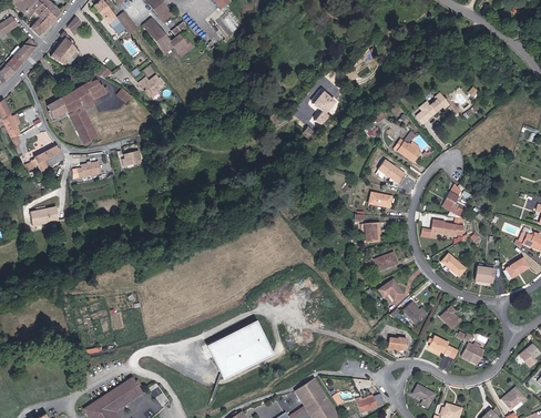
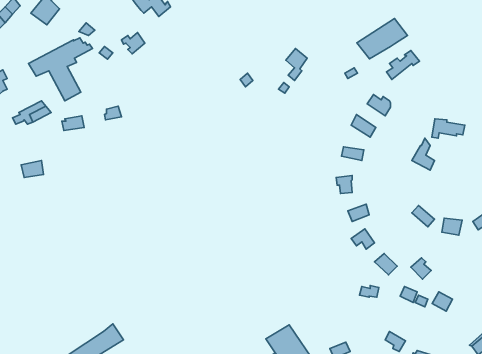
building: none -> [357,19,407,59]
building: [430,218,465,238] -> [432,119,465,138]
building: [202,320,269,379] -> none

